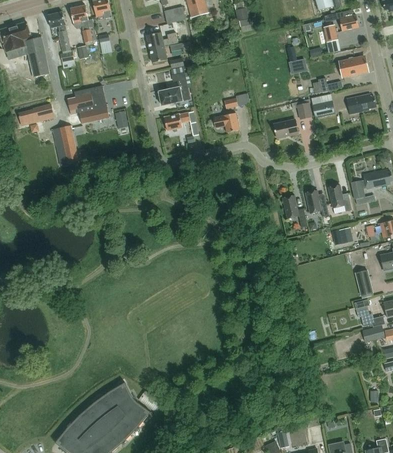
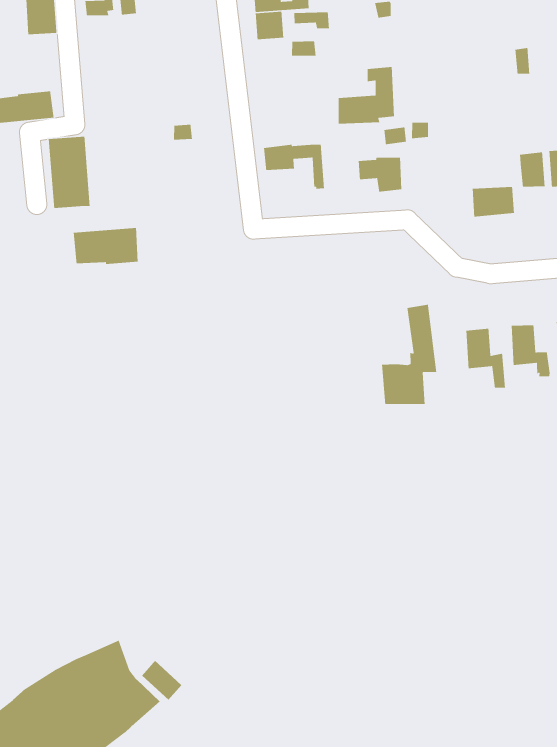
building: [159,72,190,106] -> [338,66,395,124]
building: [68,86,109,123] -> none
building: none -> [73,227,138,265]
building: none -> [381,304,437,405]

